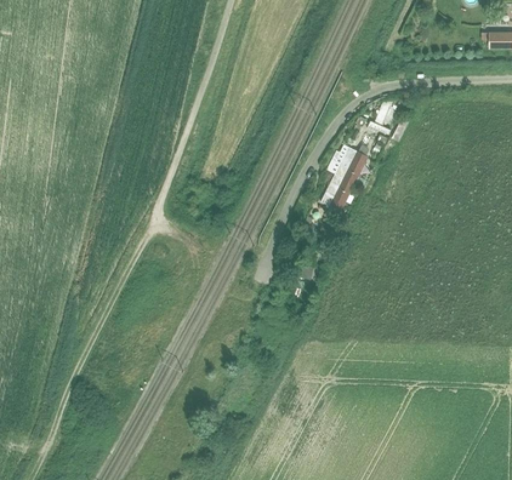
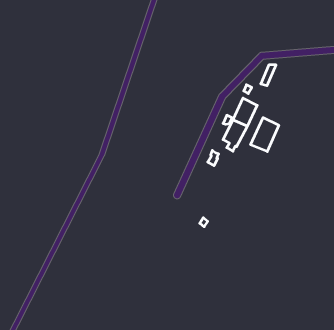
building: none -> [251,118,279,152]

